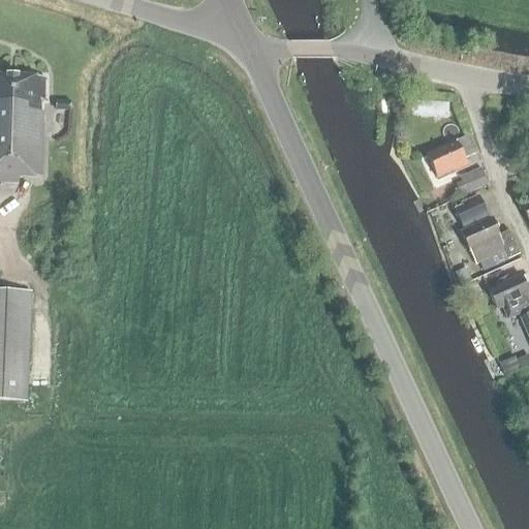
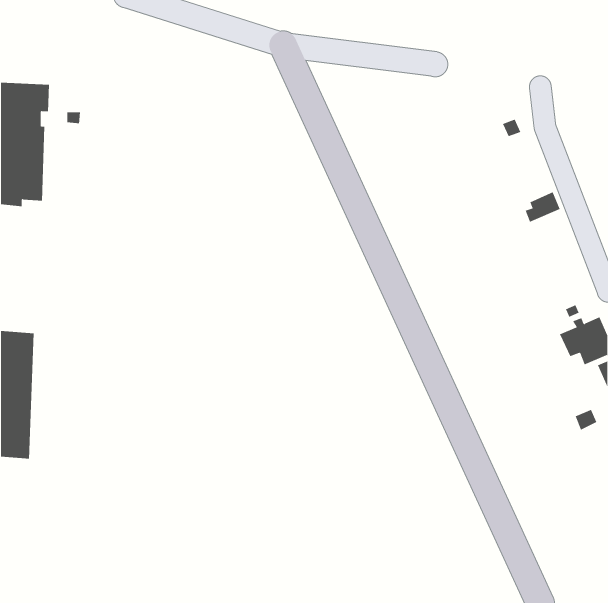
building: [426,133,476,175] -> none
building: [453,193,488,226] -> none
building: [461,219,518,261] -> none

